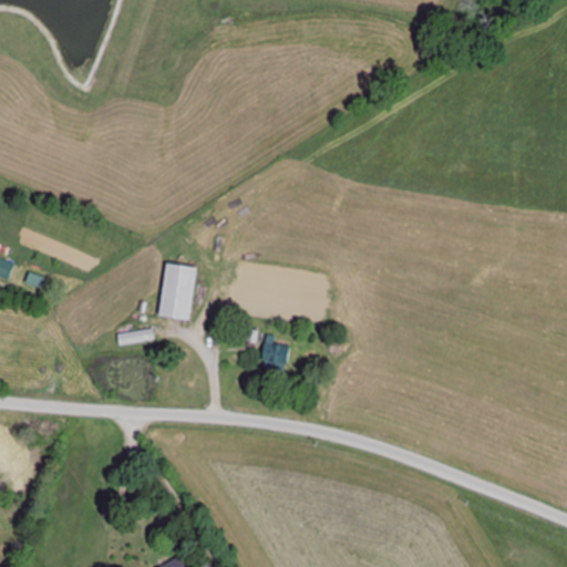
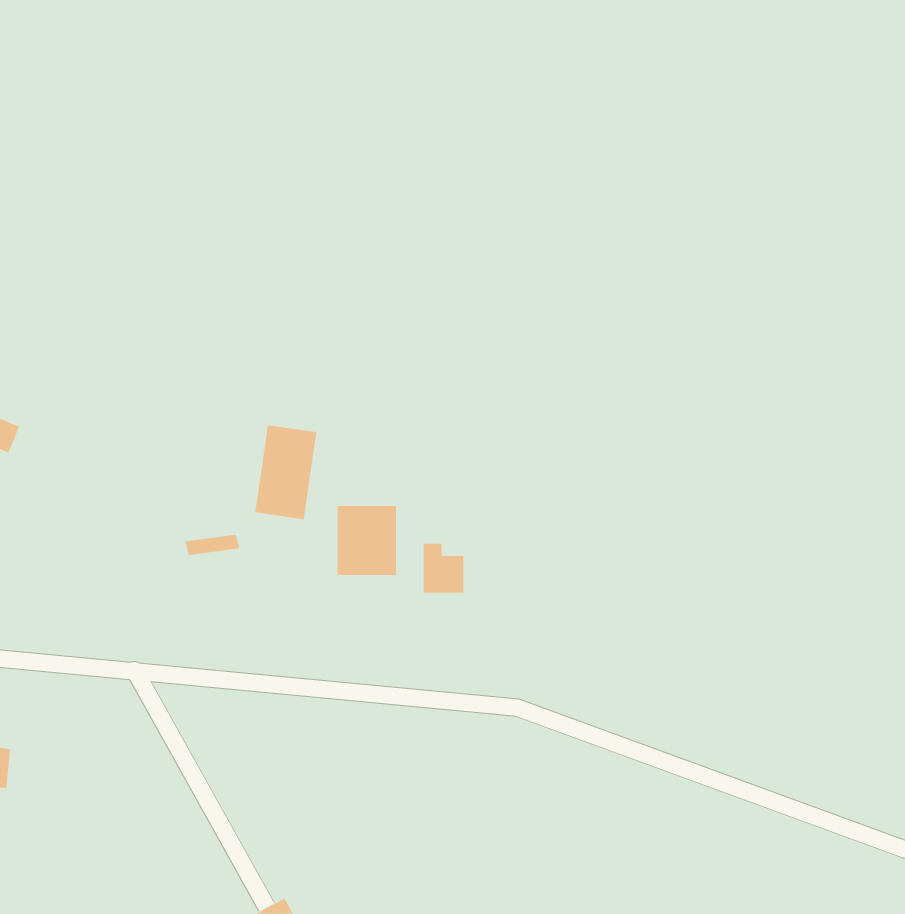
building: none -> [337,505,396,576]

